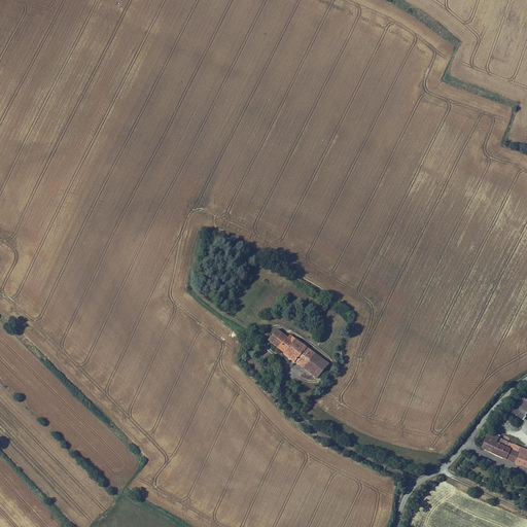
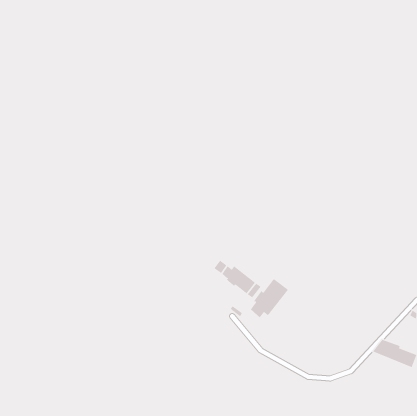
building: none -> [250,278,289,318]

